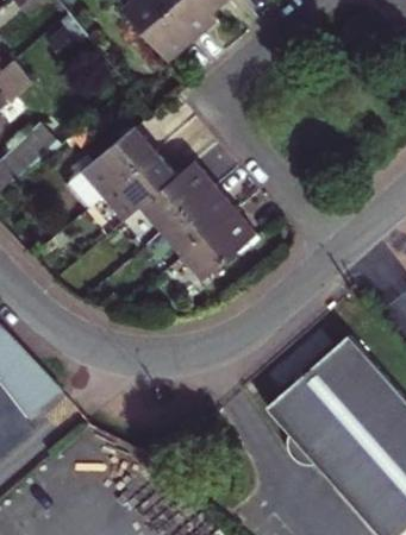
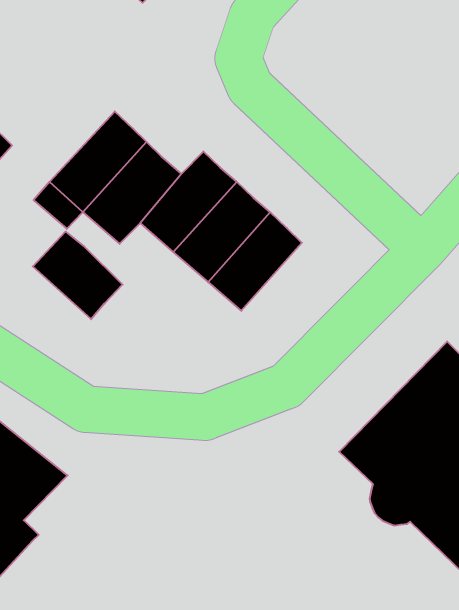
building: none -> [33,232,123,319]

